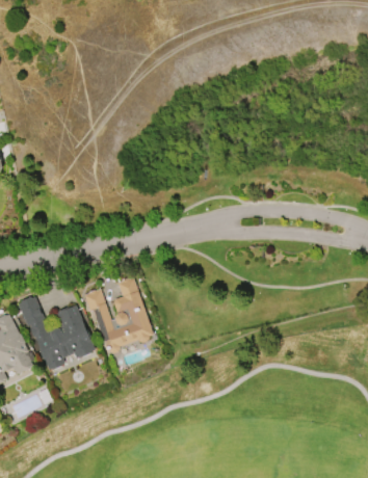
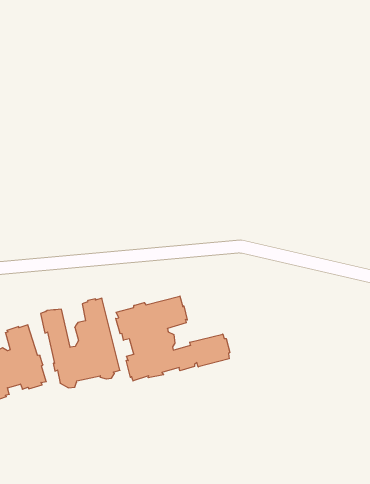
building: none -> [116,296,230,381]

